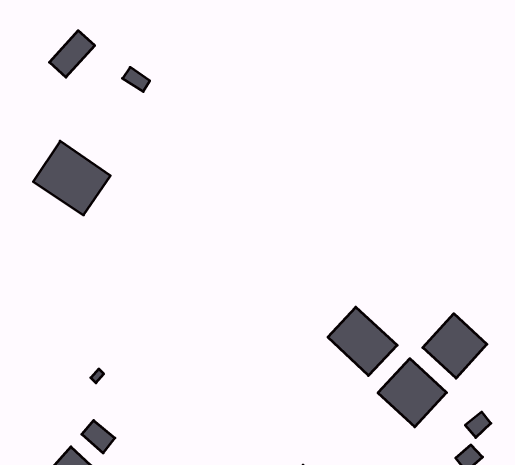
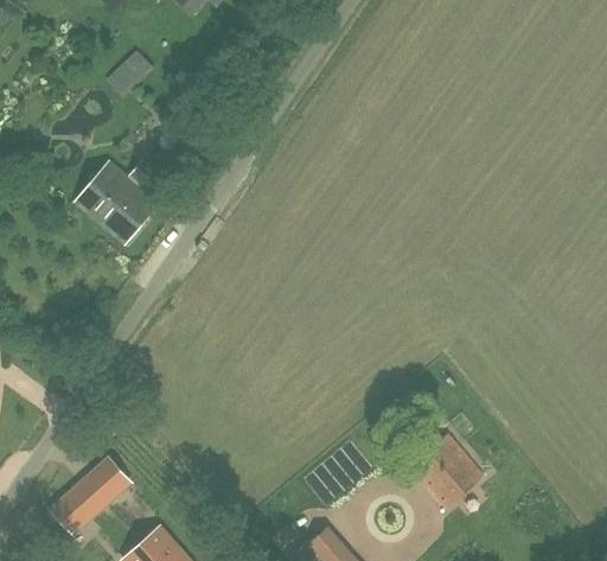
building: [328,307,397,376] -> none
building: [423,314,487,378] -> none

